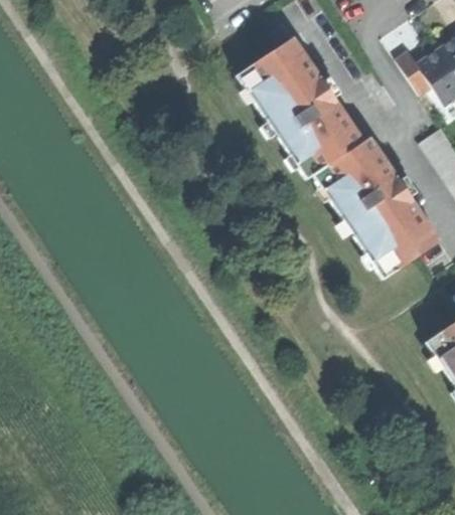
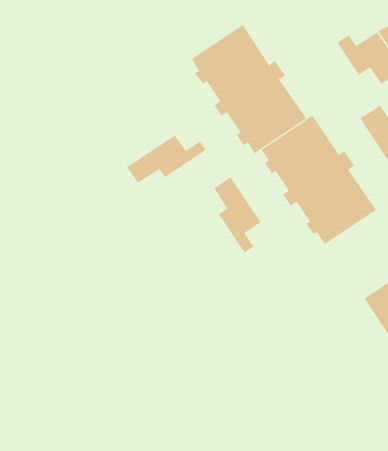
building: none -> [127,134,206,184]
building: none -> [214,176,261,253]

